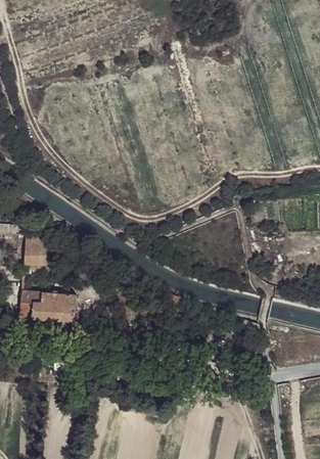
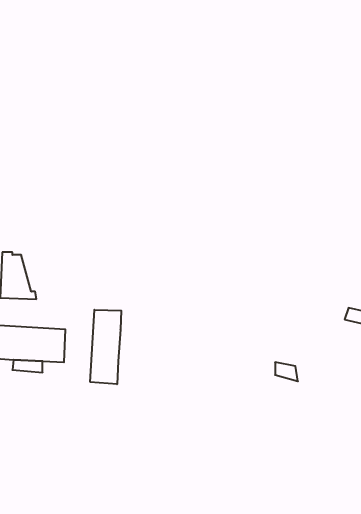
building: none -> [90,310,121,384]

